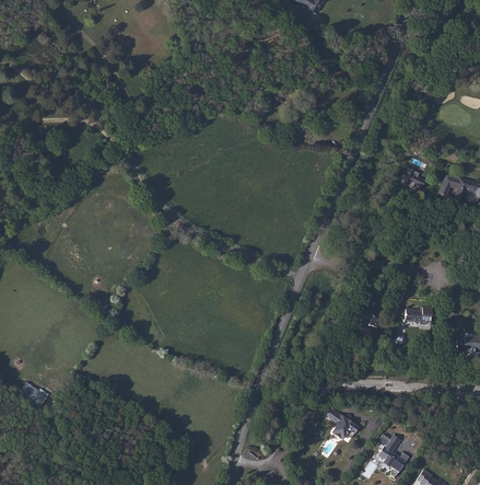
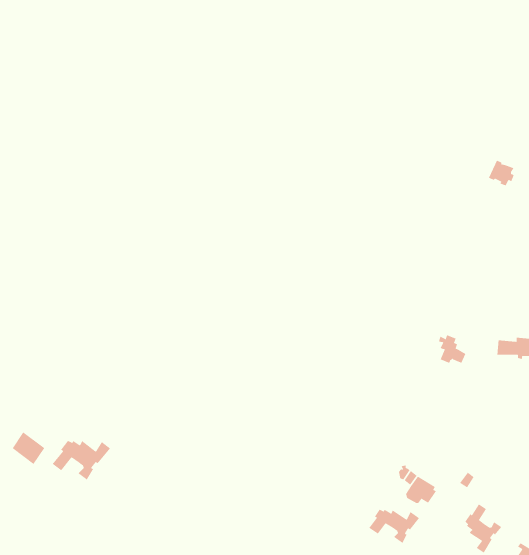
building: none -> [52,440,111,481]
building: none -> [369,509,420,544]

